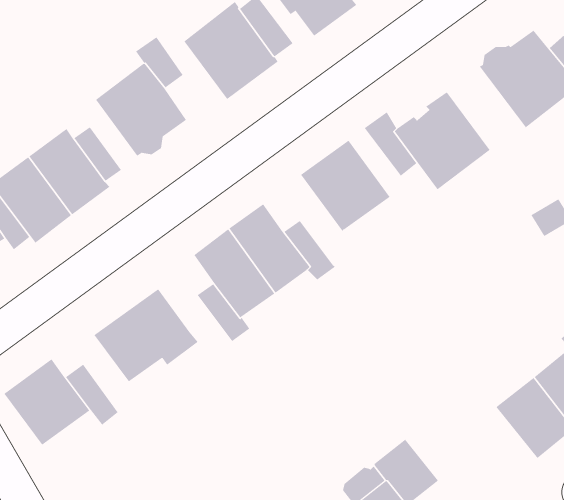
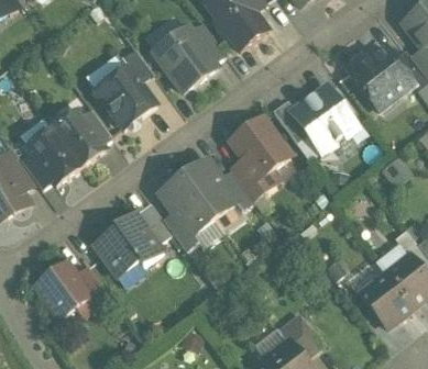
building: none -> [228,157,267,200]
building: none -> [136,204,172,244]

